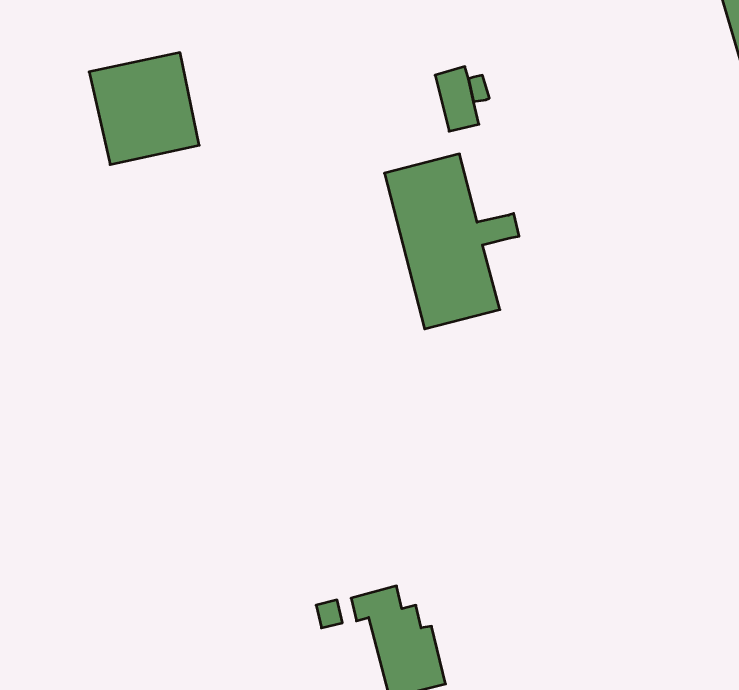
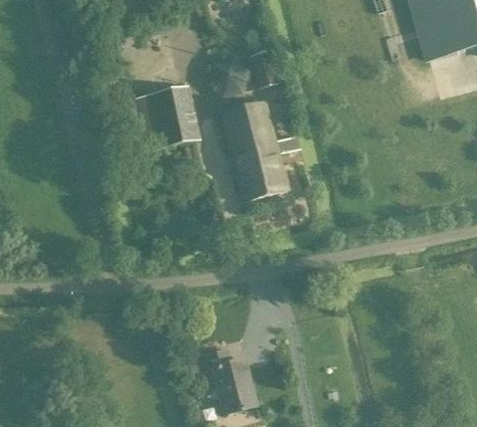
building: [89,53,199,165] -> [137,84,200,149]
building: none -> [207,55,250,97]

